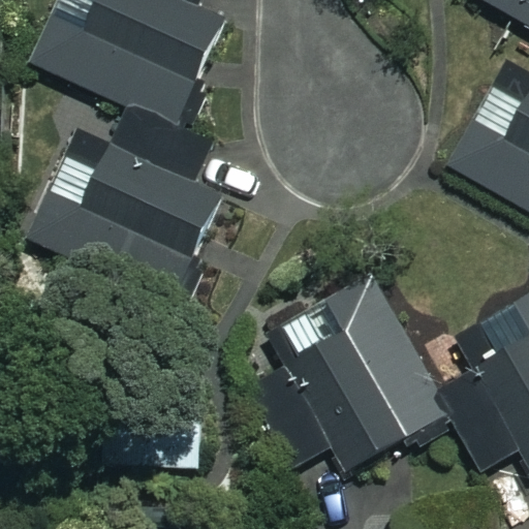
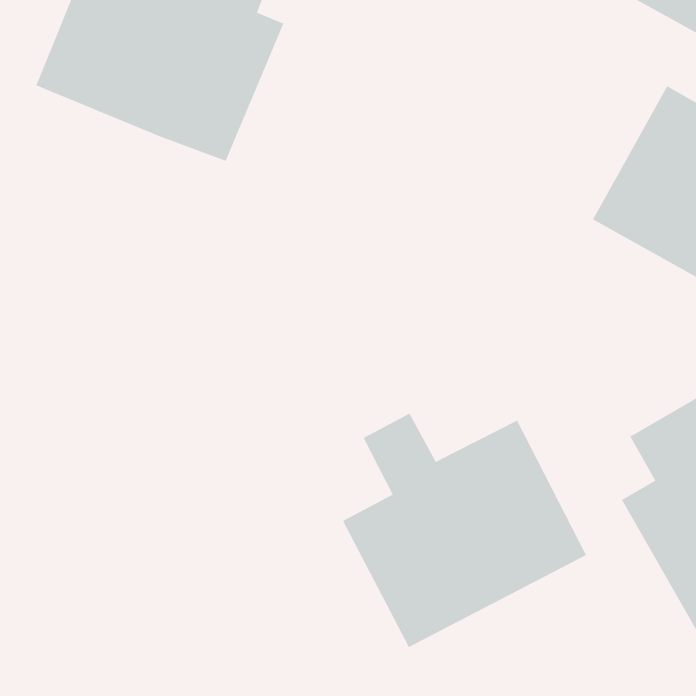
building: [33,102,214,290] -> none

